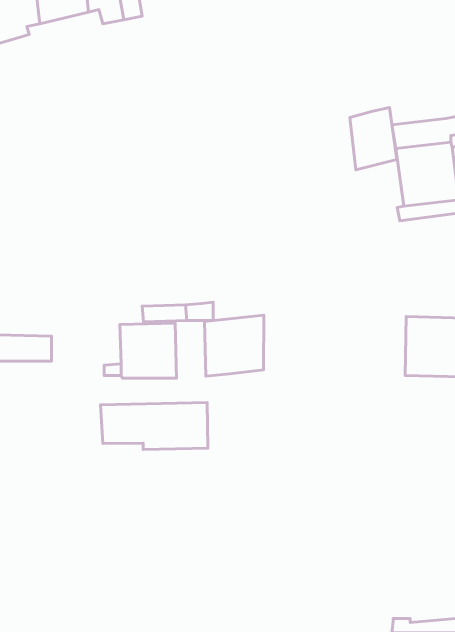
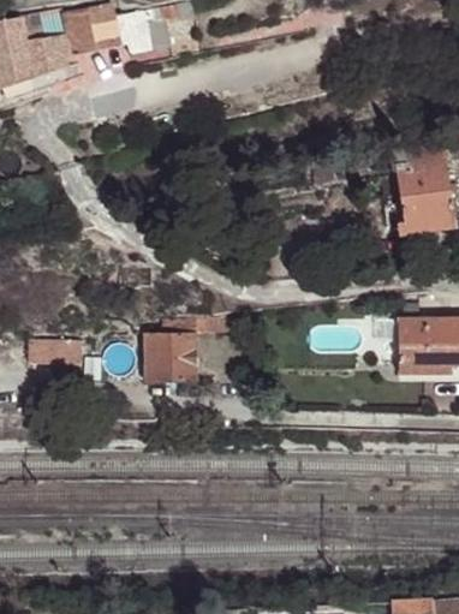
building: [350,107,397,170] -> none
building: [205,315,264,376] -> none
building: [100,402,208,449] -> none

